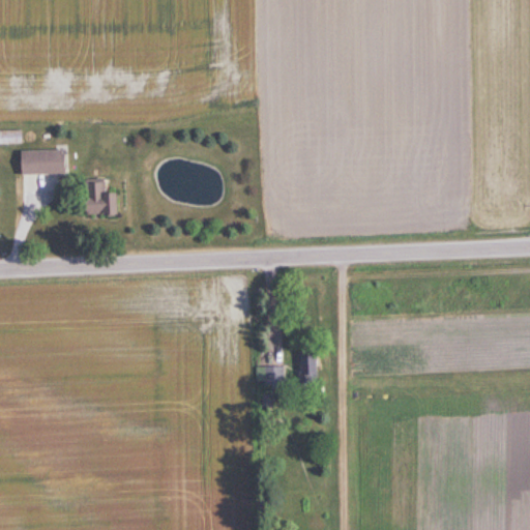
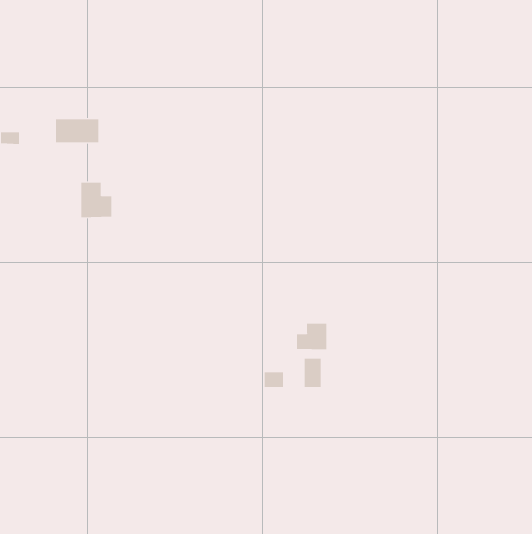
building: [20,150,63,174] -> [55,119,99,143]
building: none -> [296,323,327,350]

